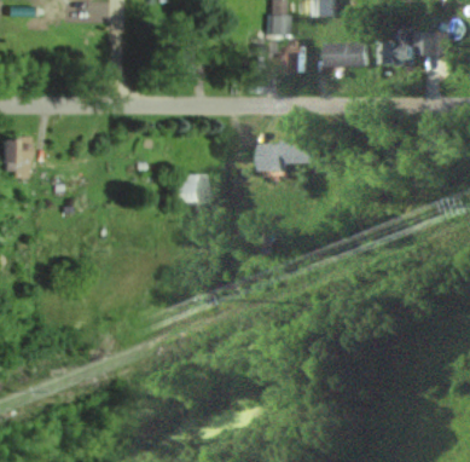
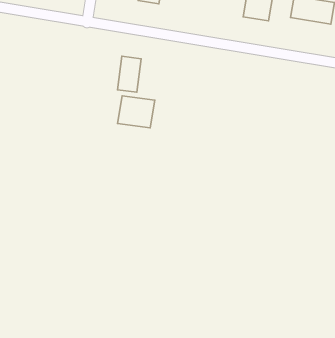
building: none -> [117,56,141,92]
building: [265,142,319,172] -> none

